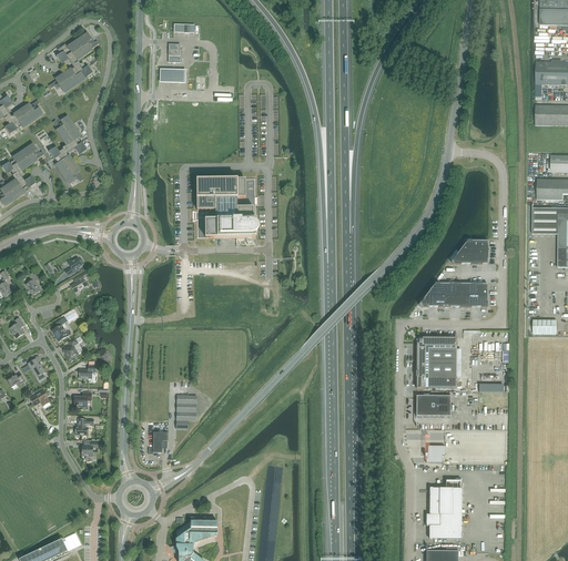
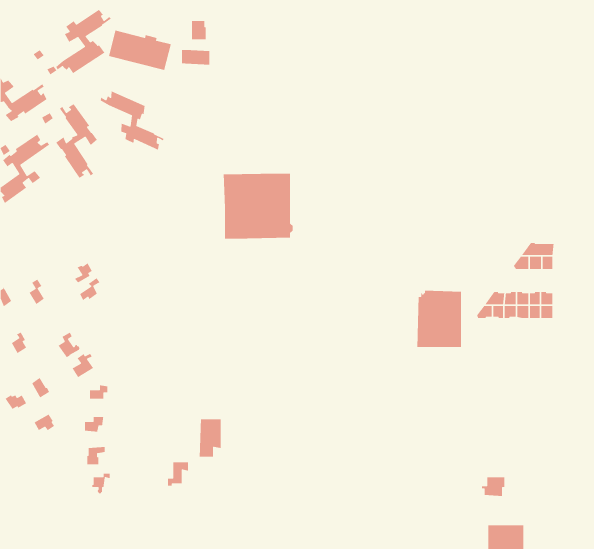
building: none -> [108,30,172,71]
building: none -> [100,90,164,151]
building: [416,336,456,387] -> [417,290,462,348]
building: [416,395,452,416] -> none

